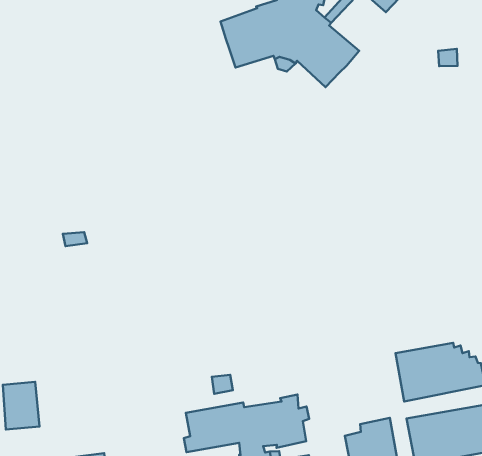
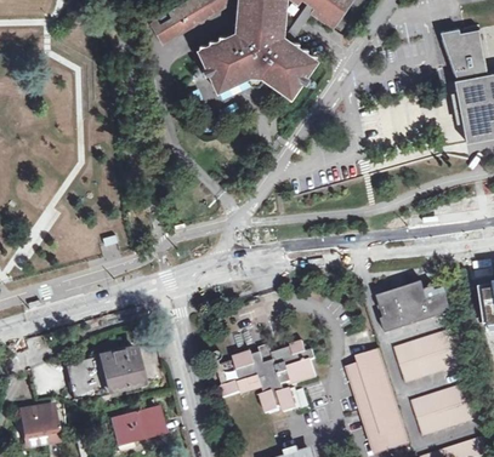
building: none -> [91,345,141,392]

